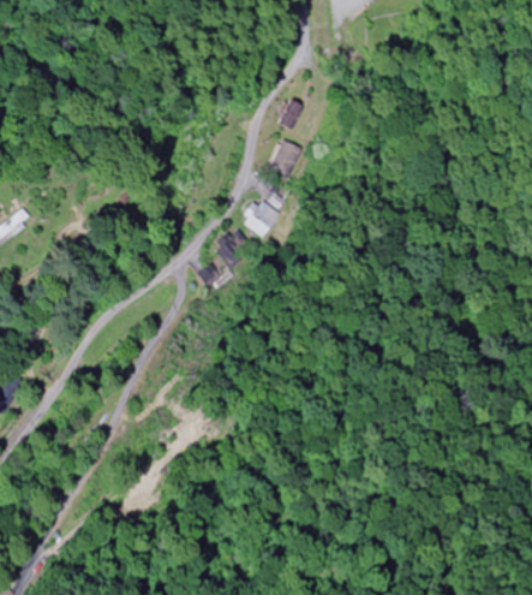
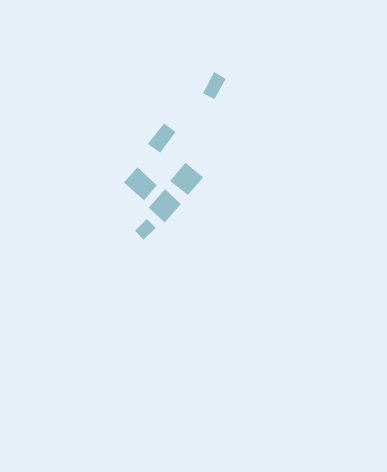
building: [268,141,301,175] -> [147,123,177,153]
building: none -> [123,167,157,201]

